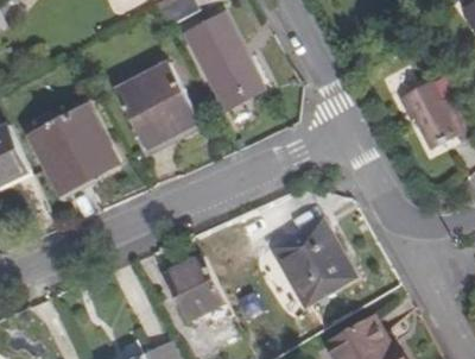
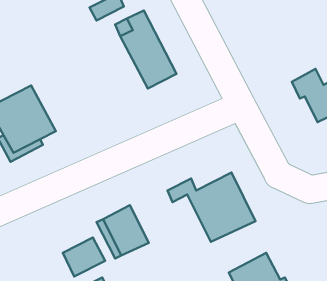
building: [113,62,196,149] -> none
building: none -> [63,238,105,276]

